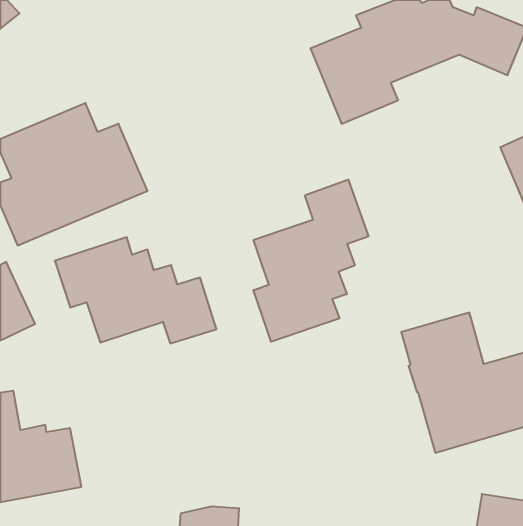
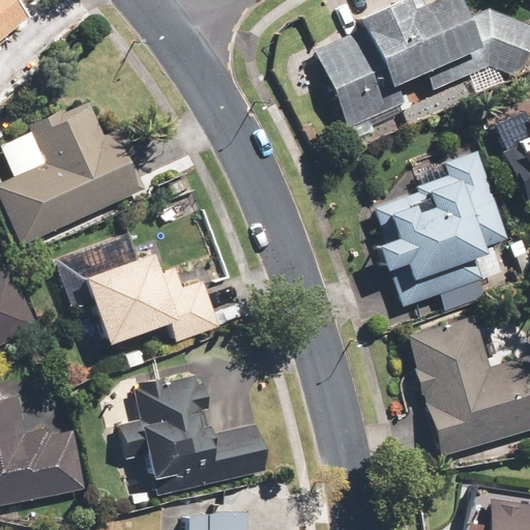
building: none -> [370,153,504,305]
building: [253,180,368,342] -> none
building: none -> [118,375,267,497]

